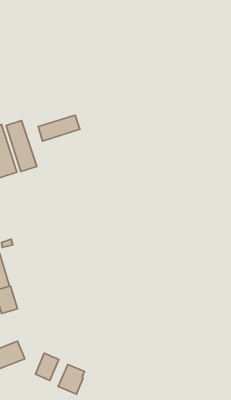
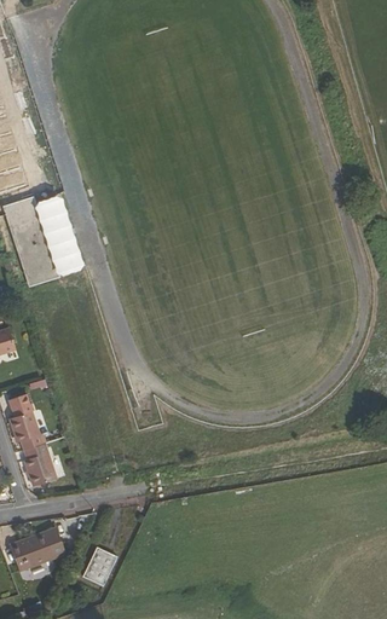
building: [38,115,80,141] -> none
building: [58,365,84,394] -> none

